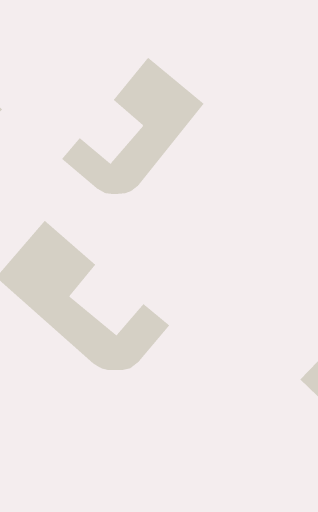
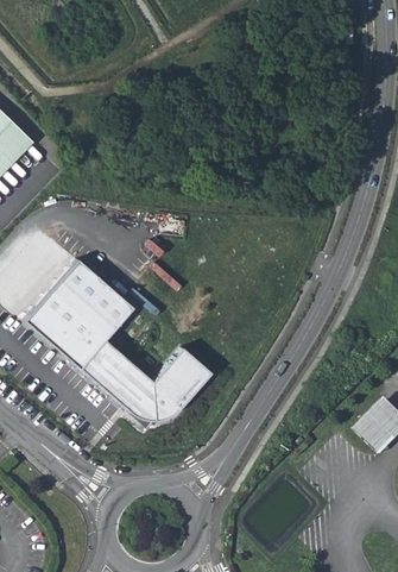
building: [61,57,204,195] -> none

